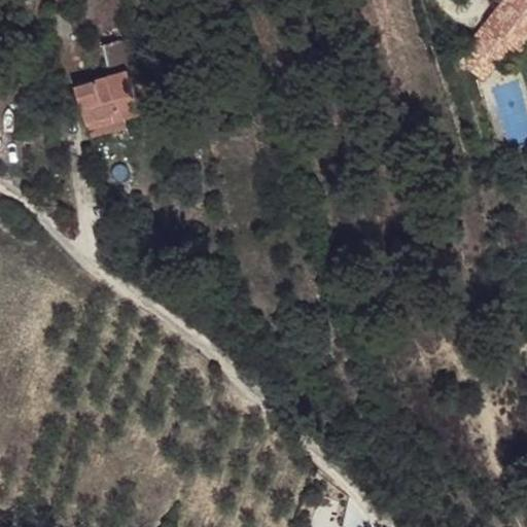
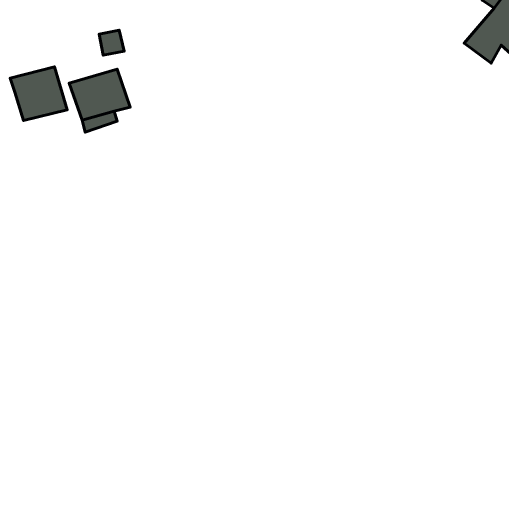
building: none -> [10,67,67,121]

